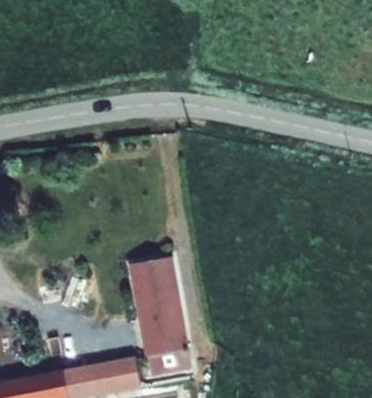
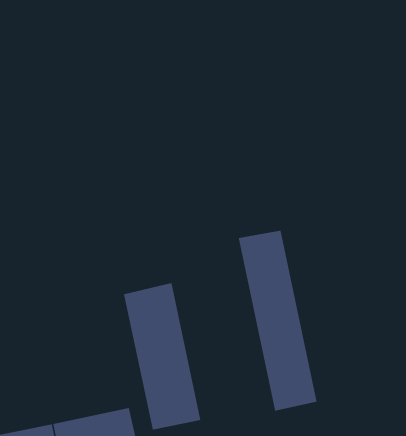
building: none -> [238,230,317,411]

